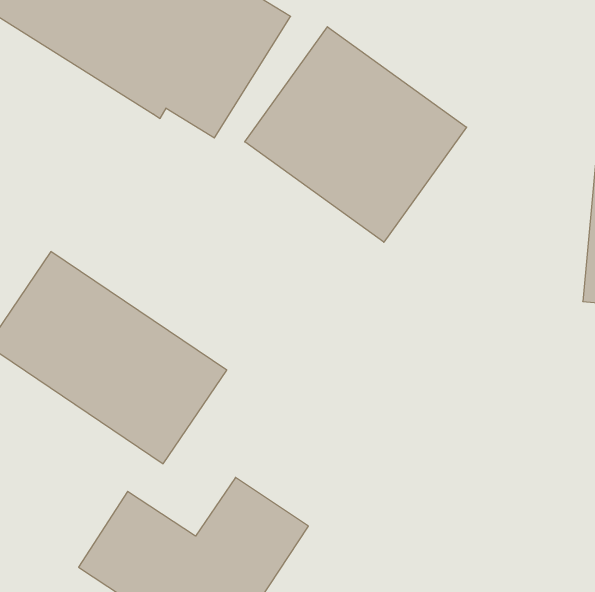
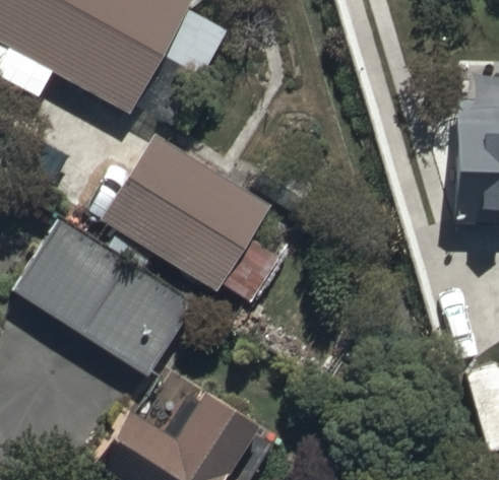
building: [245,27,467,242] -> none
building: none -> [80,132,270,292]

